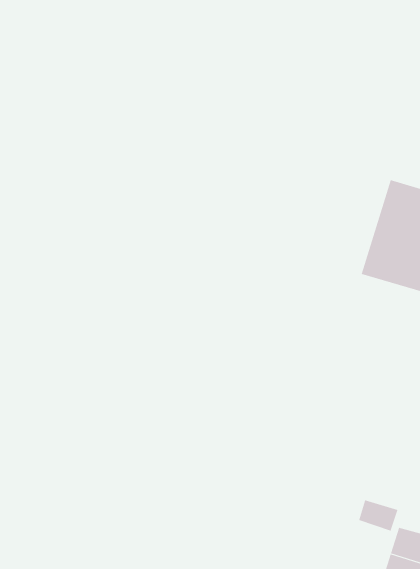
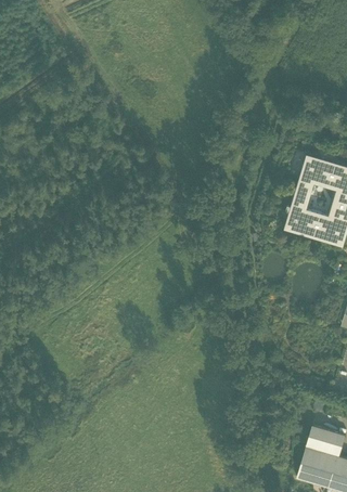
building: [359,499,398,532] -> none

